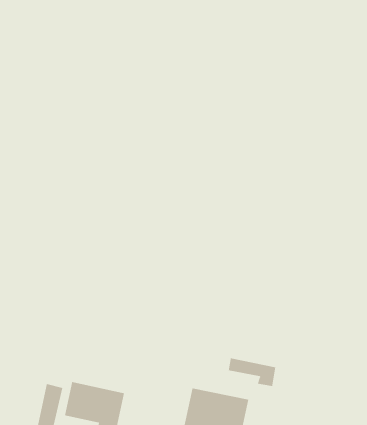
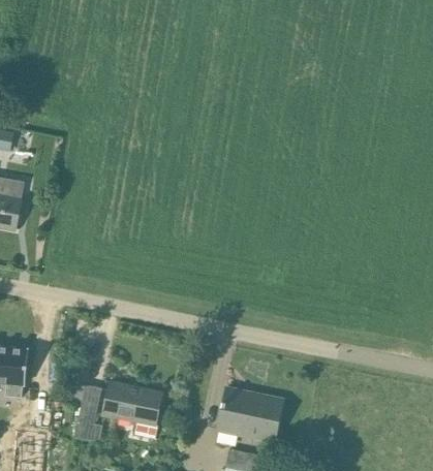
building: [228,357,276,387] -> none

